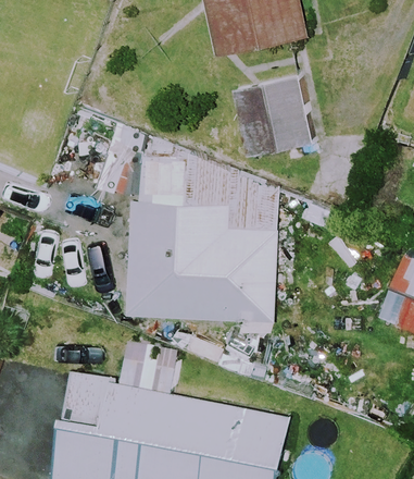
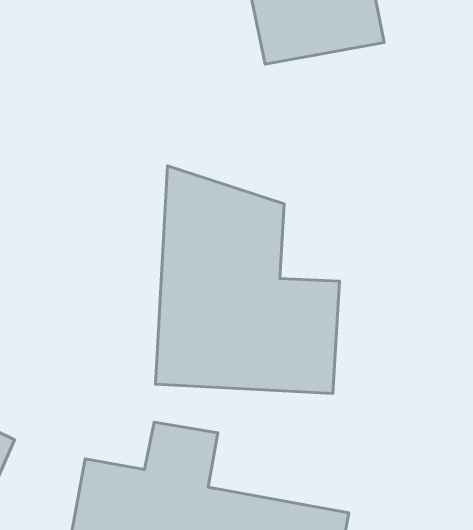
building: [231,79,310,153] -> none

